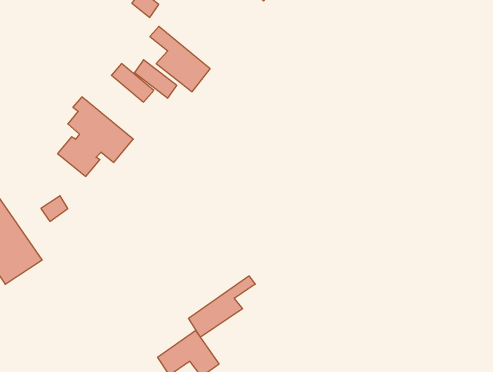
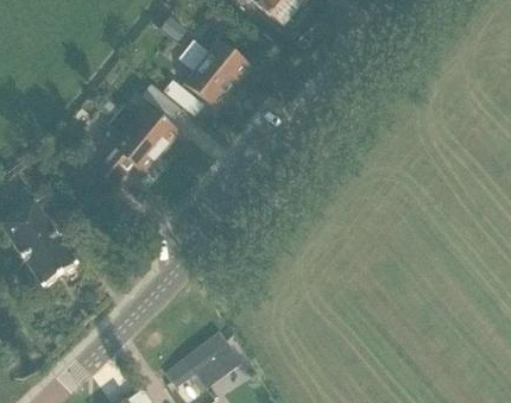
building: none -> [187,39,252,88]
building: none -> [115,105,181,153]
building: [189,276,255,337] -> none

